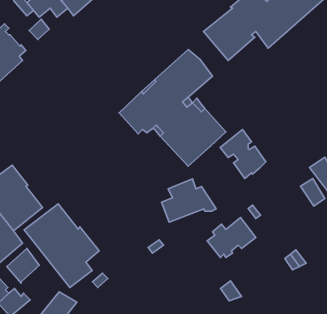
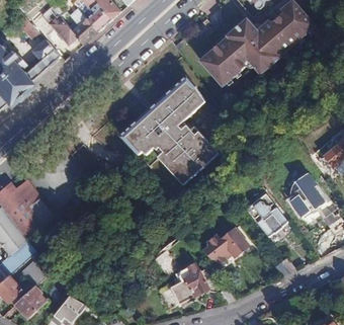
building: [220,130,266,179] -> [246,192,287,237]
building: [162,179,216,222] -> [167,260,217,300]
building: [24,204,99,287] -> none

